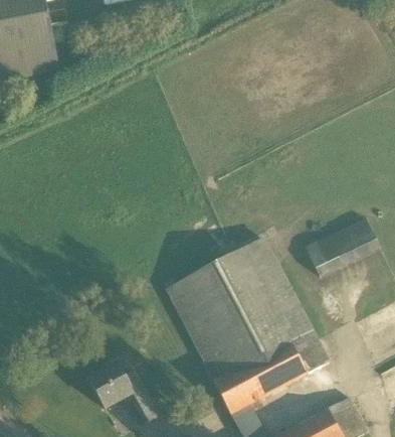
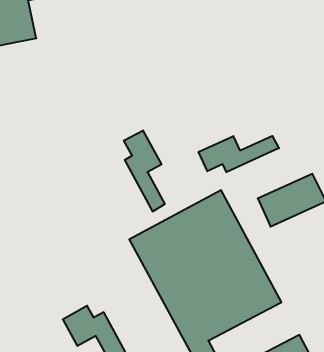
building: none -> [124,130,165,212]
building: none -> [199,136,279,172]

